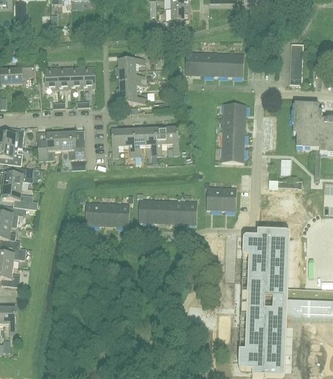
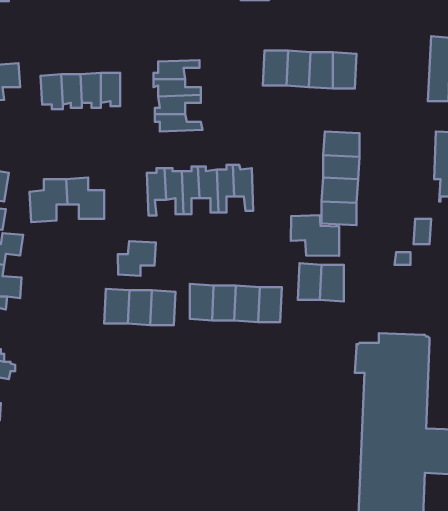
building: none -> [291,215,339,256]
building: none -> [118,241,156,276]

